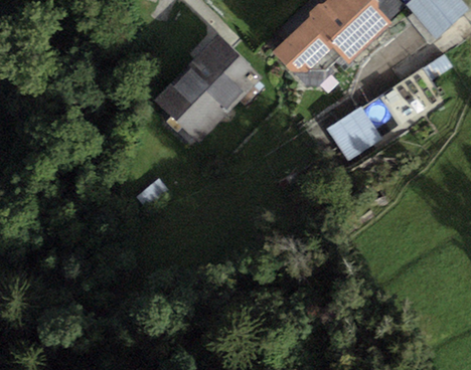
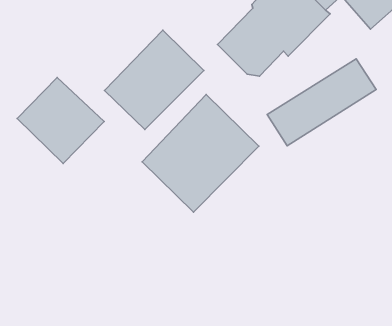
building: none -> [17,77,104,164]
building: none -> [142,95,259,212]

